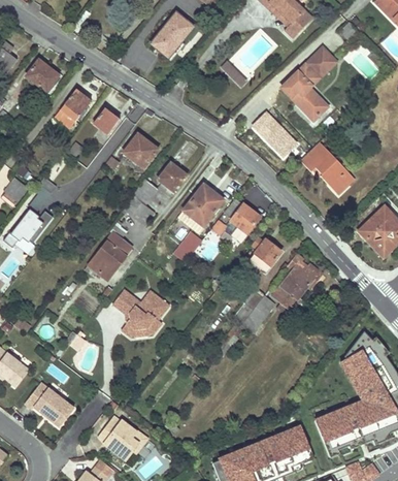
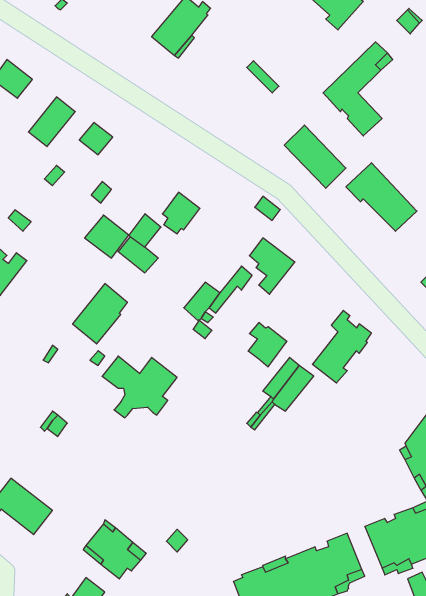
building: [123,135,157,168] -> [85,215,129,258]
building: [184,185,223,226] -> none
building: [250,237,279,271] -> [248,323,287,367]

